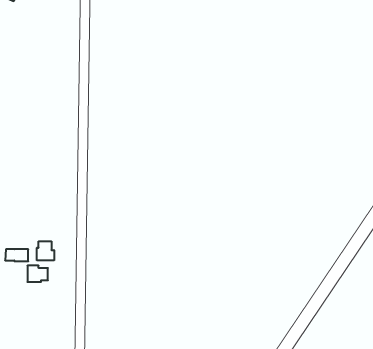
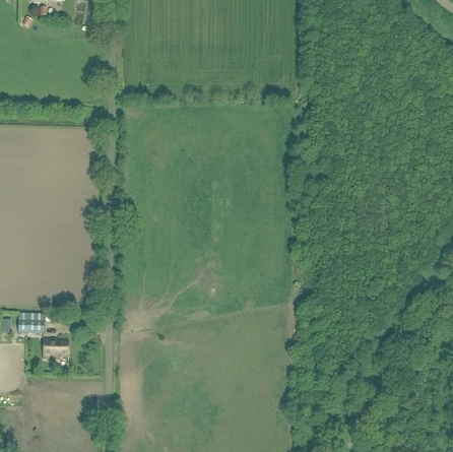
building: [37,241,54,260] -> none

